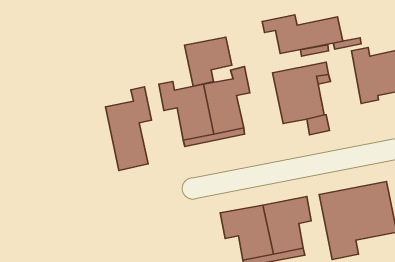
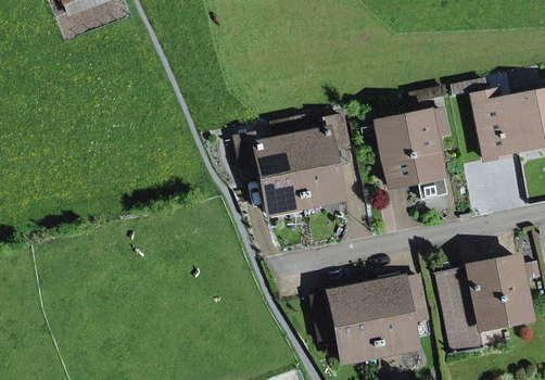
building: [262,15,343,53] -> none
building: [184,37,232,86] -> none
building: [105,87,152,170] -> none

